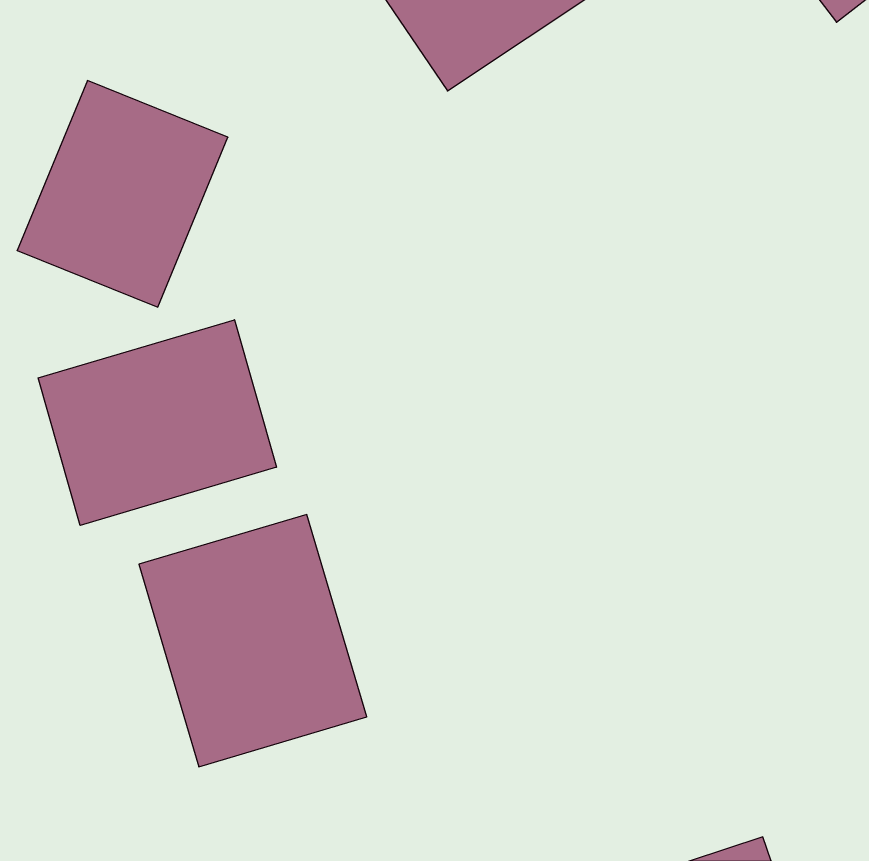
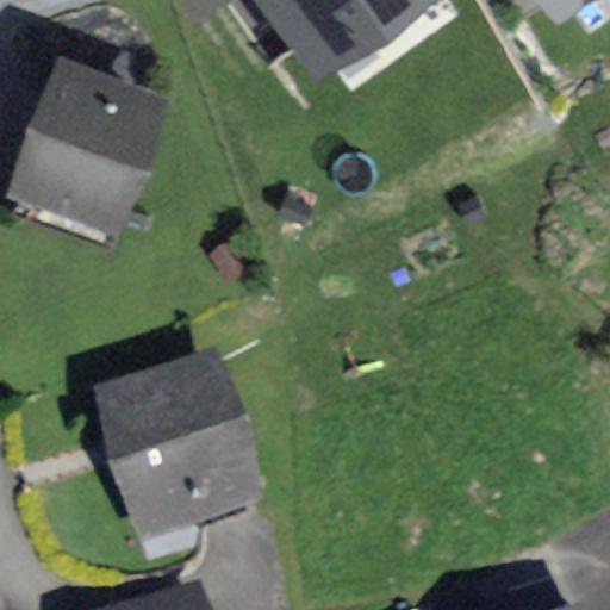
building: [38,320,276,525] -> none

